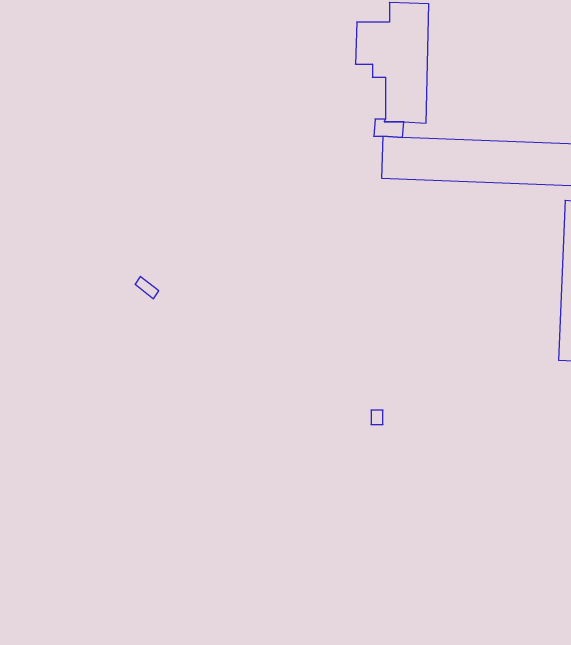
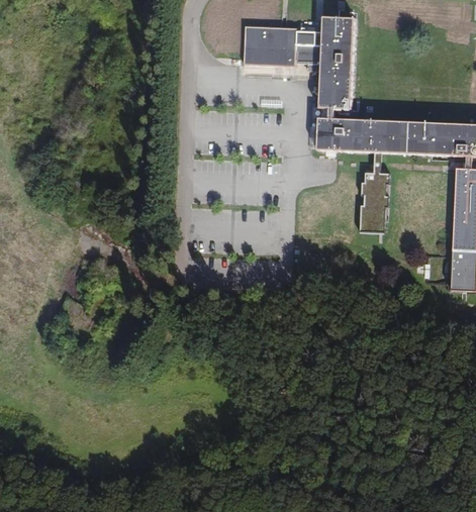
building: none -> [242,25,293,66]
building: none -> [361,152,389,230]

